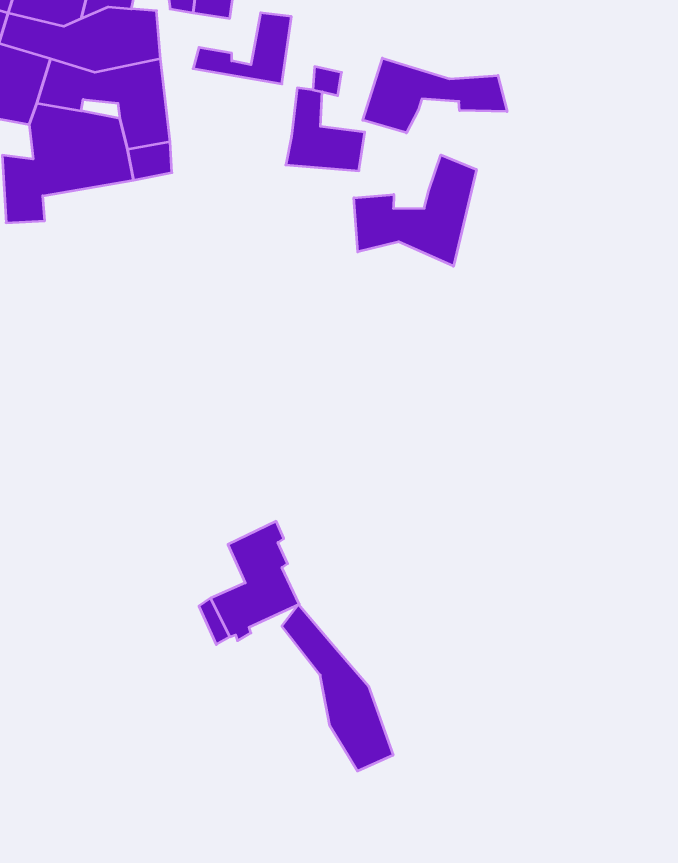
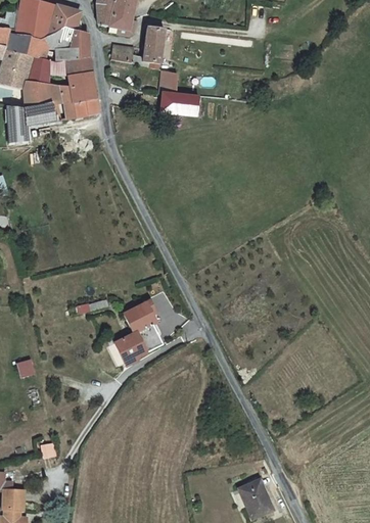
building: [363,58,507,133] -> none
building: [354,155,476,266] -> none
building: [282,604,393,771] -> none

